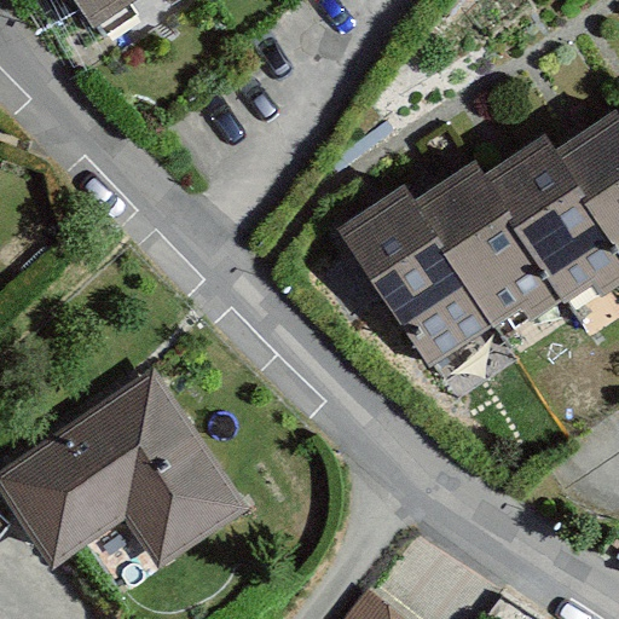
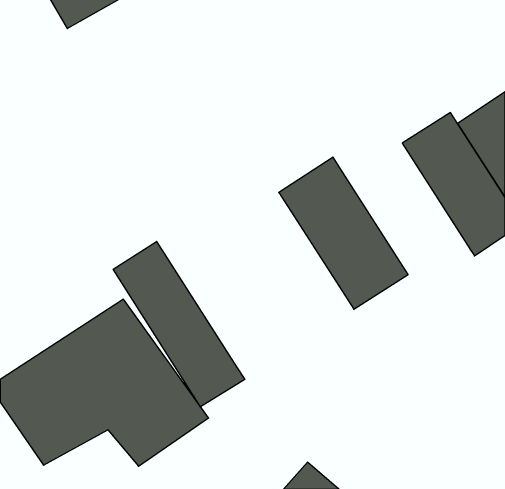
building: [416,163,575,348] -> none
building: none -> [113,241,245,407]

